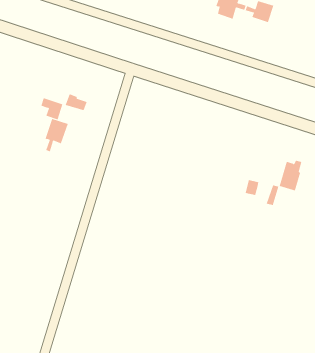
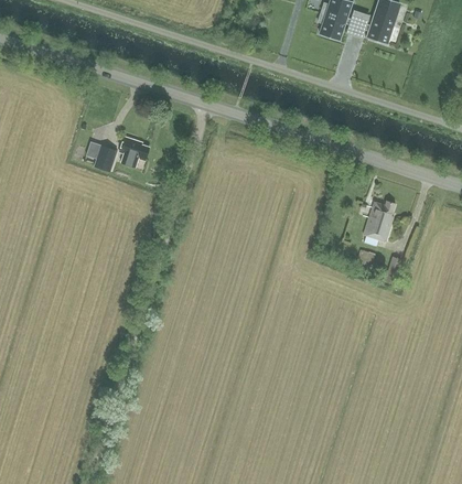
building: [45,118,69,152] -> none
building: [279,160,302,191] -> [364,200,395,240]

